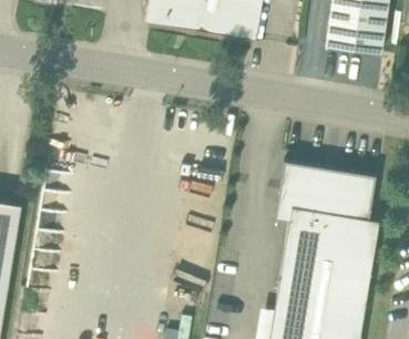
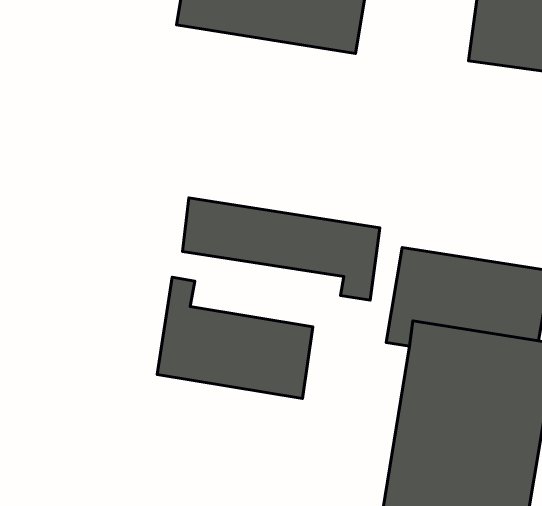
building: none -> [183,198,380,300]
building: none -> [157,277,313,399]

